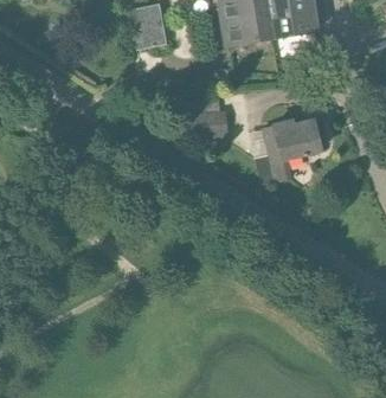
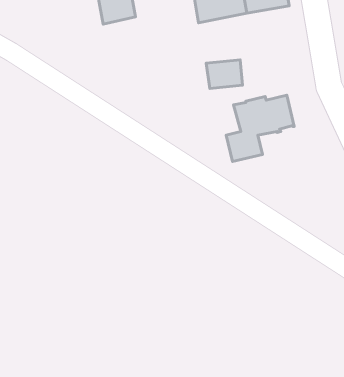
building: [191,110,226,139] -> [206,60,242,89]

